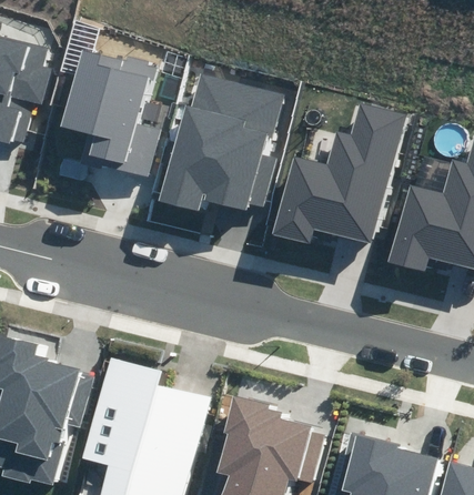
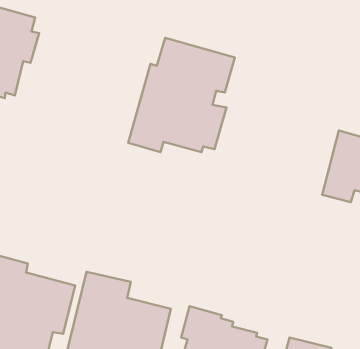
building: [62,51,158,178] -> none
building: [271,103,405,244] -> none

